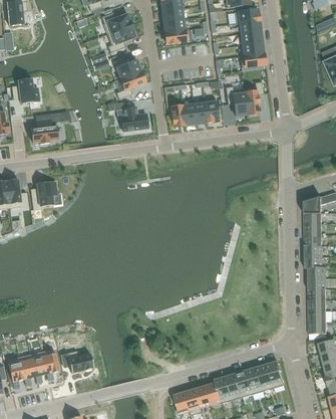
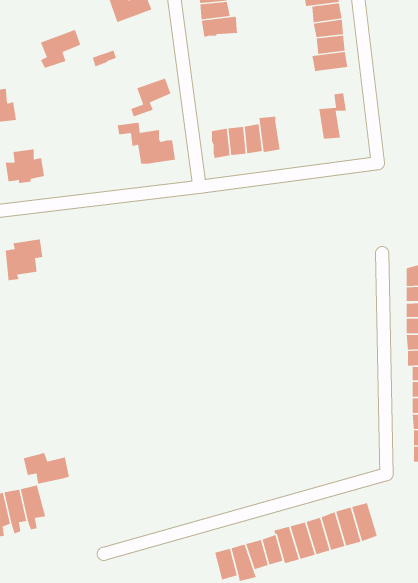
building: [107,25,135,52] -> [40,29,81,69]
building: [113,56,140,78] -> none
building: [226,86,248,116] -> none
building: [61,351,93,373] -> [23,452,70,485]

